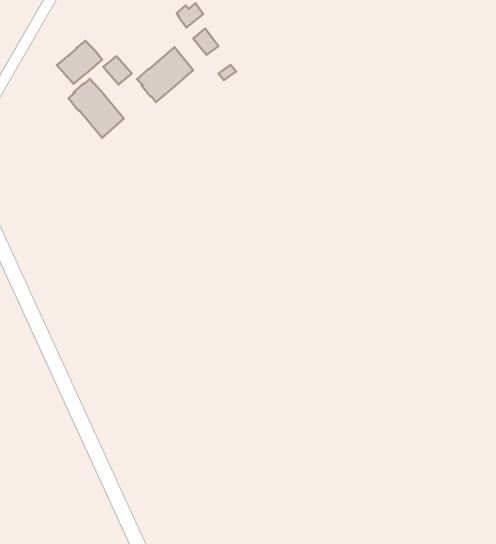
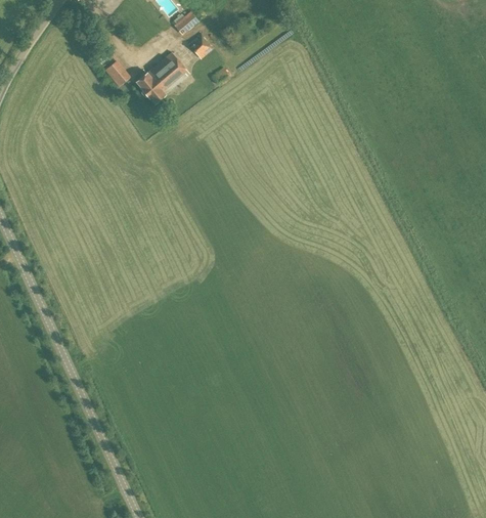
building: [57,41,102,84] -> none
building: [68,79,124,138] -> none

